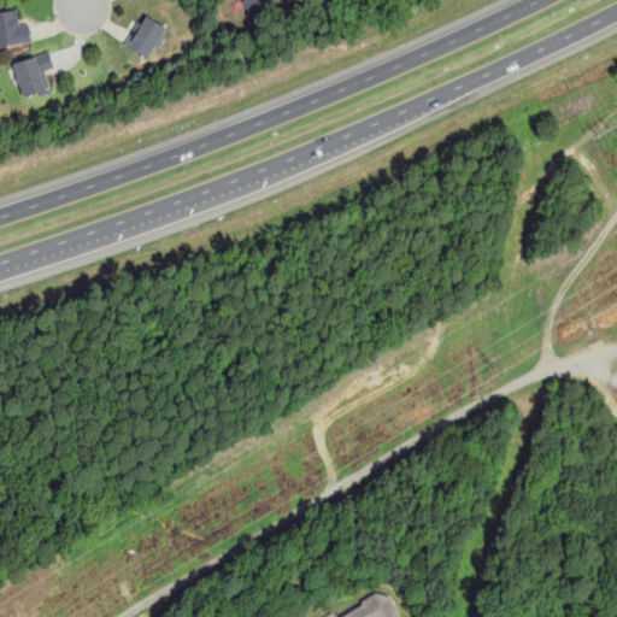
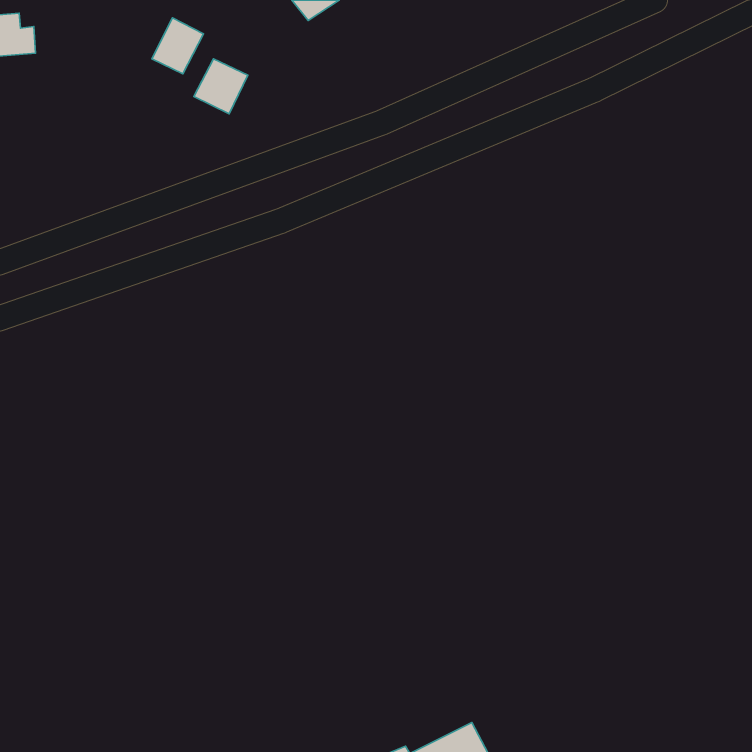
building: none -> [194,59,248,114]
building: [11,54,52,100] -> none

